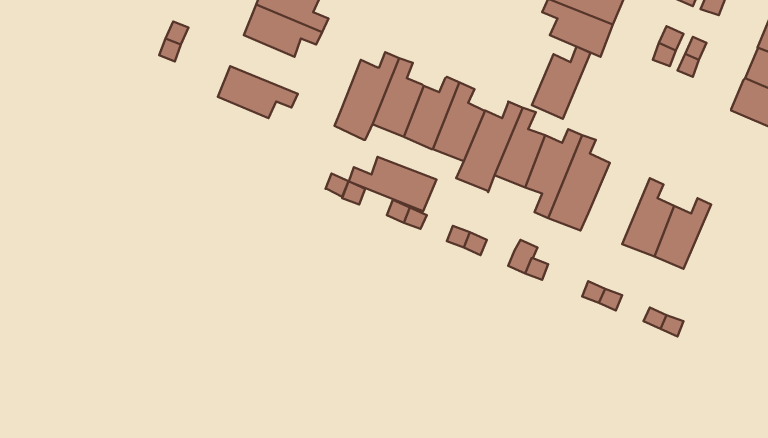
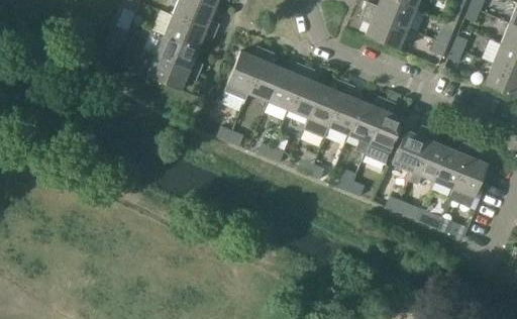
building: none -> [154,35,202,74]
building: [532,47,590,119] -> [392,125,430,173]
building: [349,157,437,211] -> none
building: none -> [452,146,488,198]

